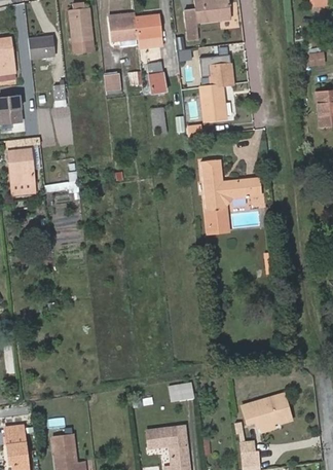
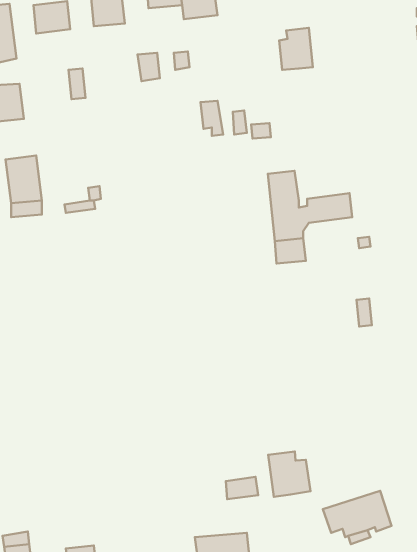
building: [148,63,166,94] -> none
building: [201,84,226,119] -> none
building: none -> [268,451,310,497]

